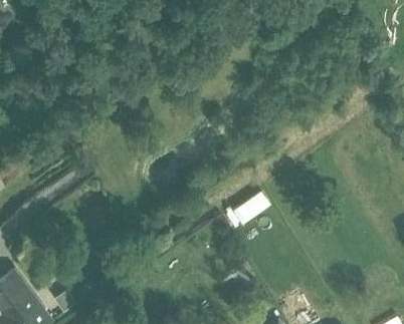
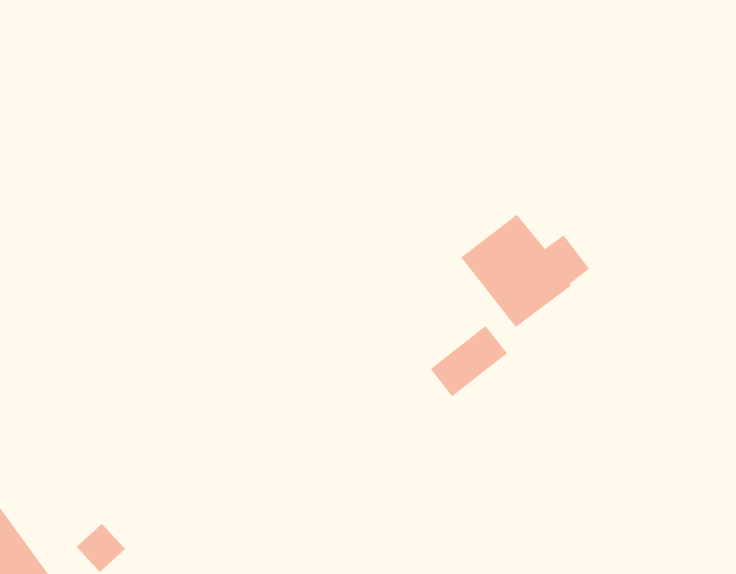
building: none -> [460,214,590,328]

